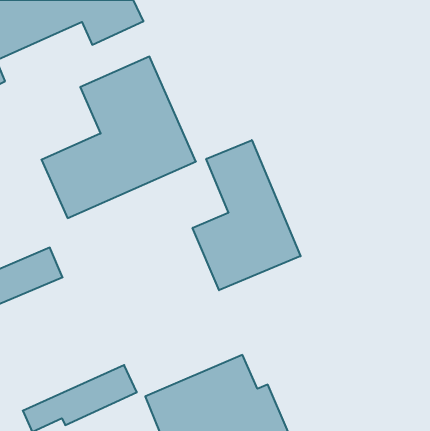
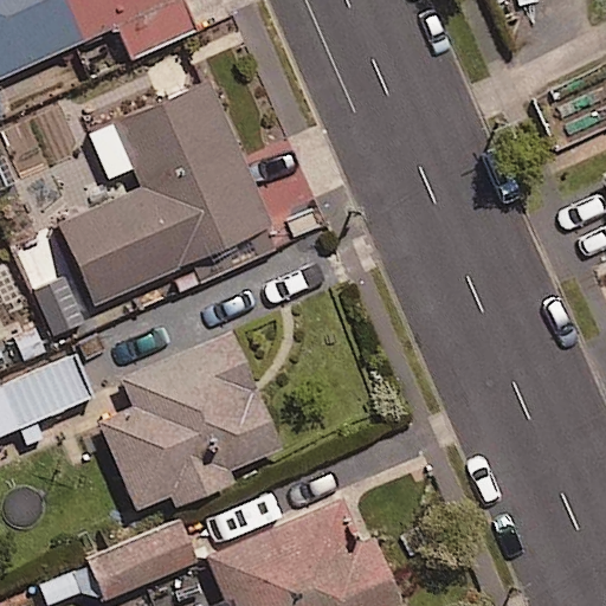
building: [193,140,301,290] -> none
building: none -> [97,330,283,512]

